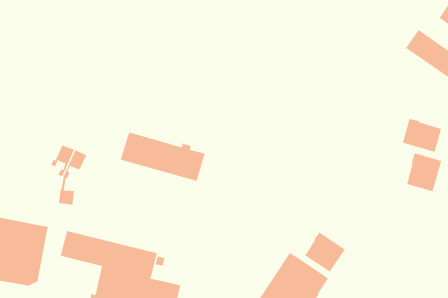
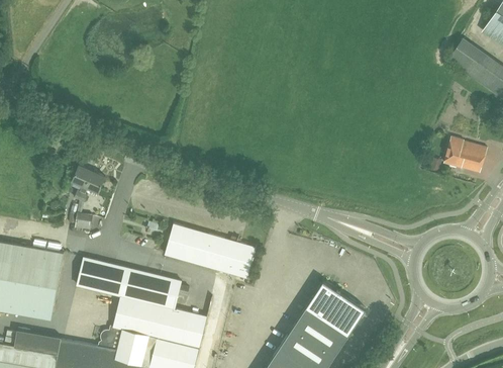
building: [120,132,206,182] -> [164,223,256,277]
building: [406,152,442,192] -> none
building: [305,231,345,273] -> none

